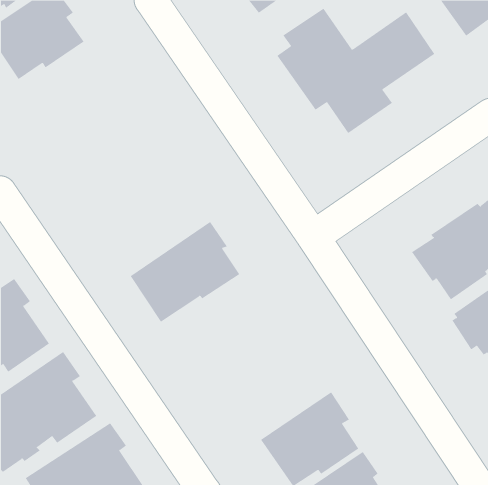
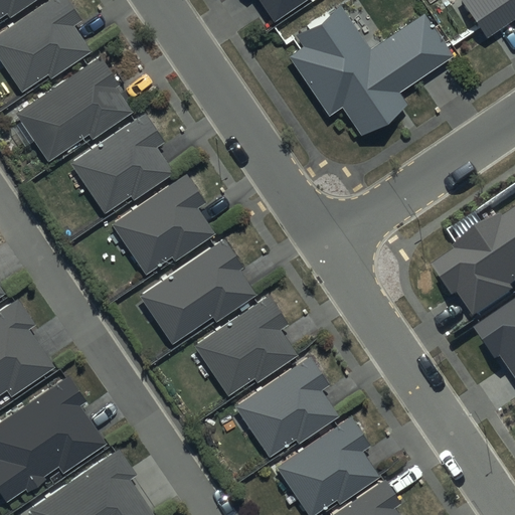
building: none -> [15,56,132,162]
building: none -> [69,113,172,212]
building: none -> [112,174,213,274]
building: none -> [194,295,297,395]
building: none -> [234,355,338,457]

